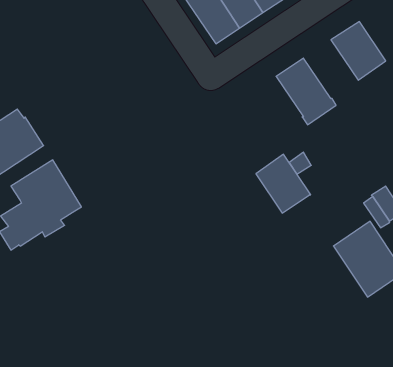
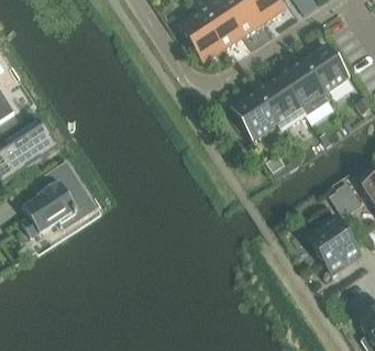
building: none -> [278,59,324,109]
building: [256,154,311,213] -> [232,90,278,140]

